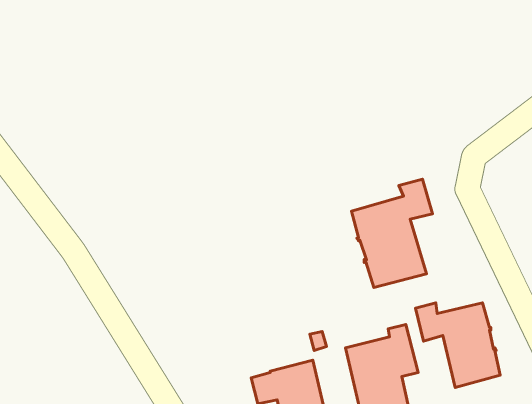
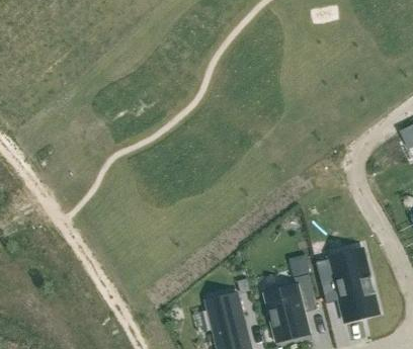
building: [352,179,432,287] -> none

